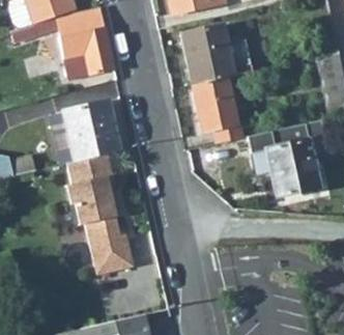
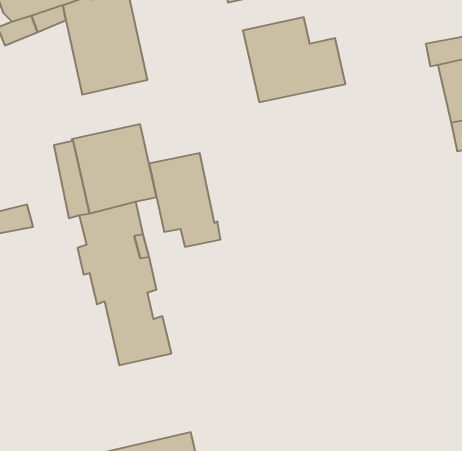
building: [193,77,242,142] -> [149,153,221,247]
building: [248,120,326,197] -> none

